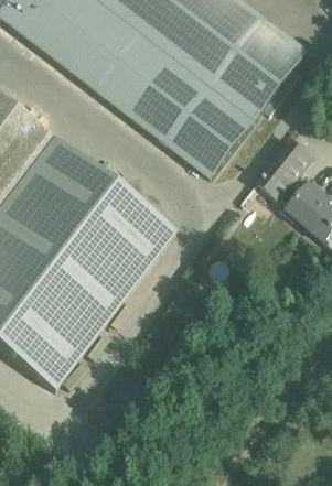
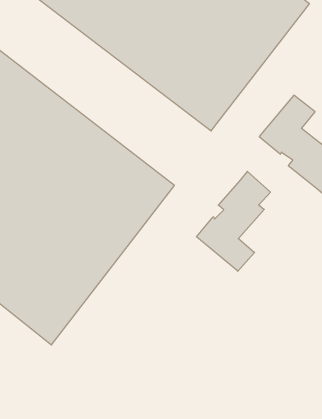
building: none -> [197,171,270,271]

